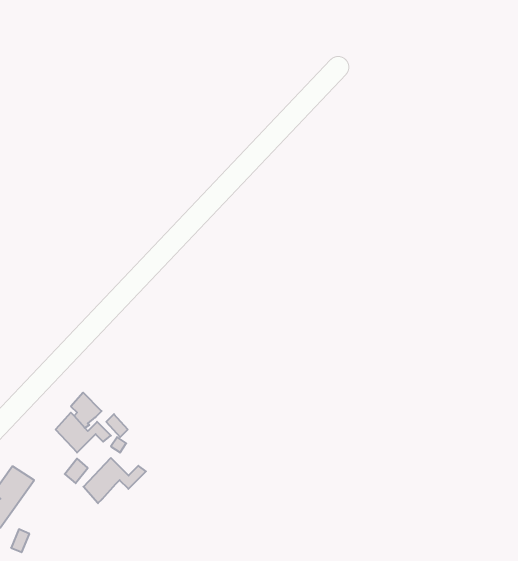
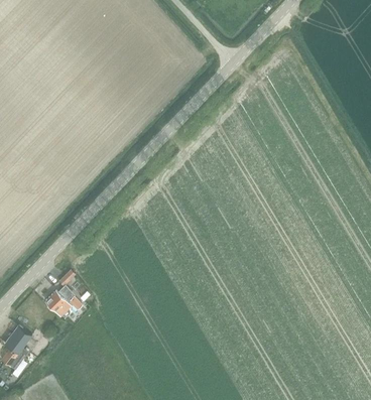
building: [83,458,146,503] -> none

